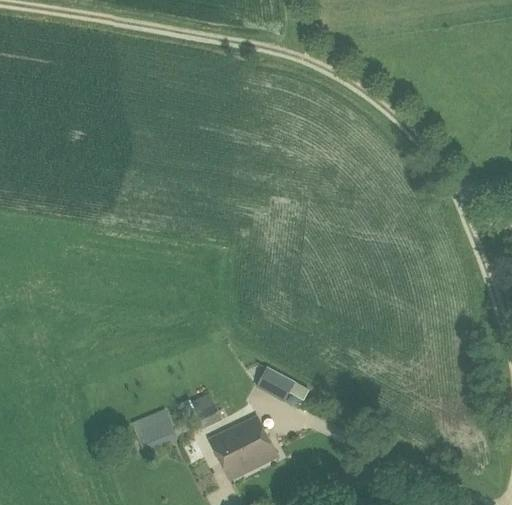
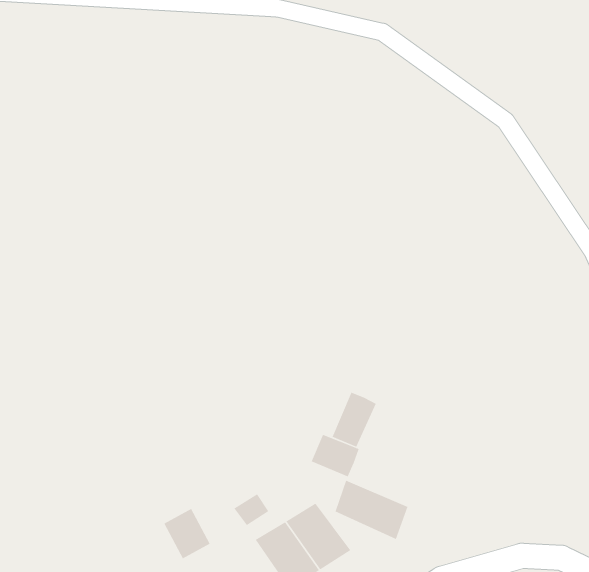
building: none -> [332,392,377,448]
building: none -> [335,480,408,540]

